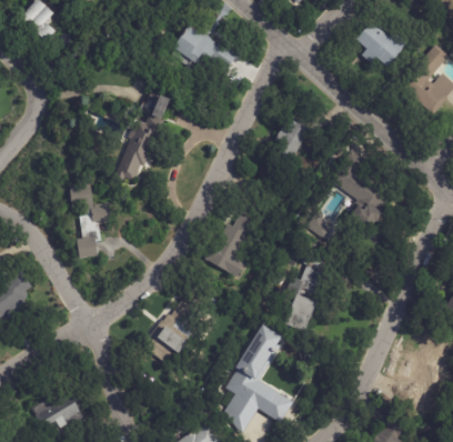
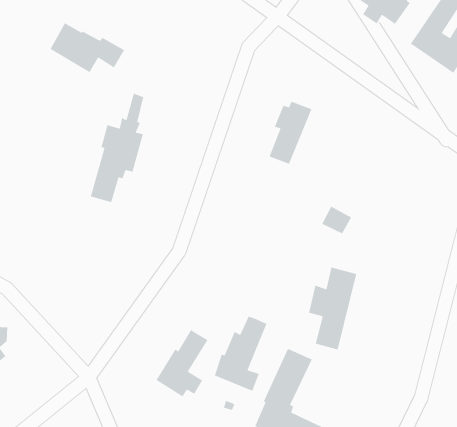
building: [173,24,236,70] -> [50,22,125,73]
building: [329,149,391,233] -> none
building: [70,183,108,258] -> none
building: [205,212,256,277] -> [214,316,268,392]

